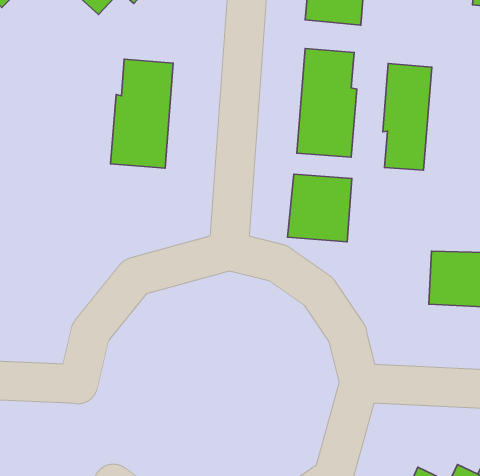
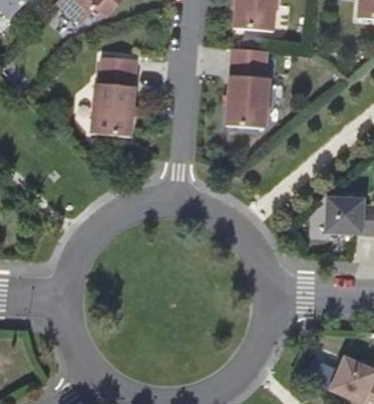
building: [383,64,432,170] -> none
building: [288,174,352,242] -> none

